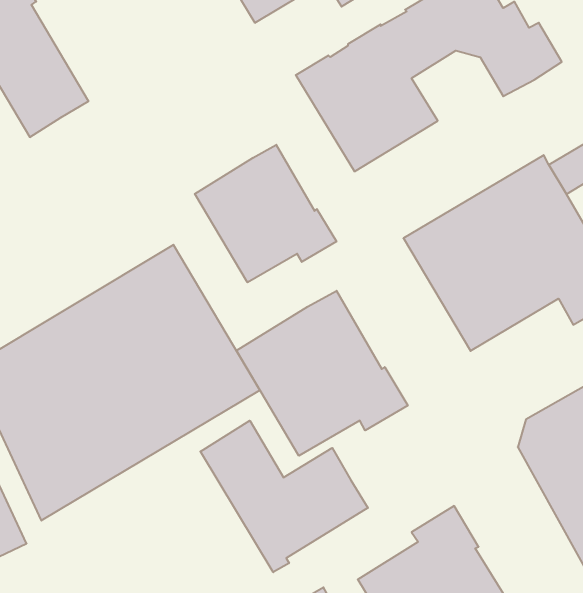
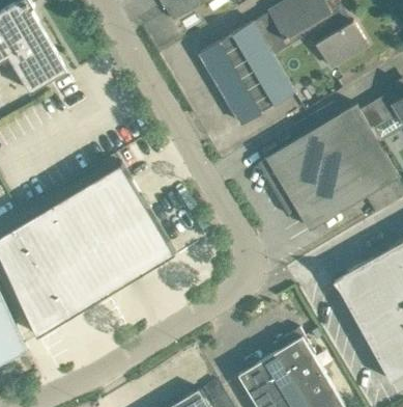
building: [195,145,336,282] -> none
building: [237,291,408,456] -> none
building: [200,421,368,572] -> none

